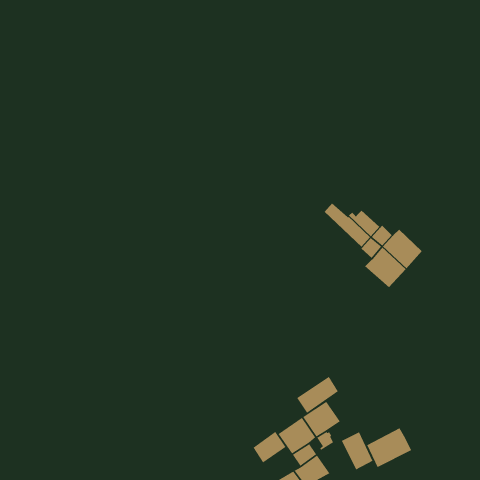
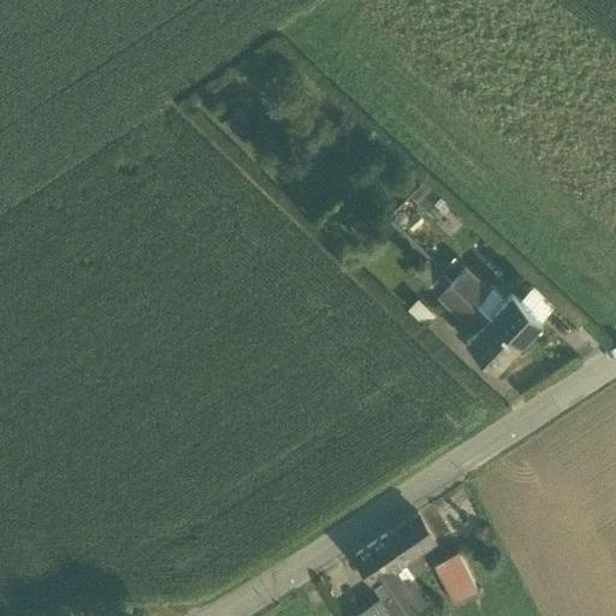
building: [296,376,339,414] -> none
building: [366,427,412,468] -> none
building: [252,431,287,463] -> none

